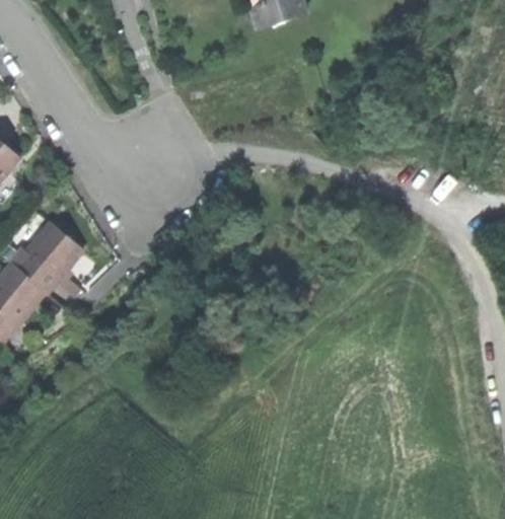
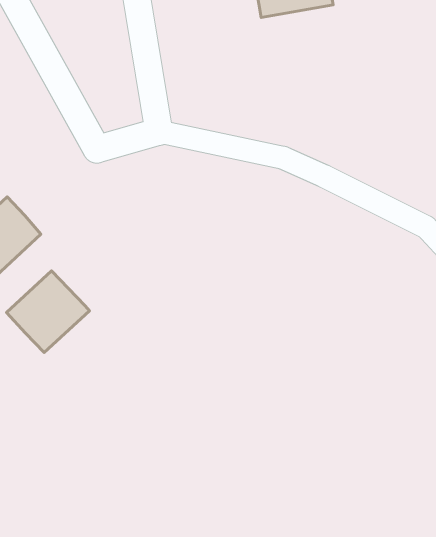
building: none -> [6,271,89,352]

